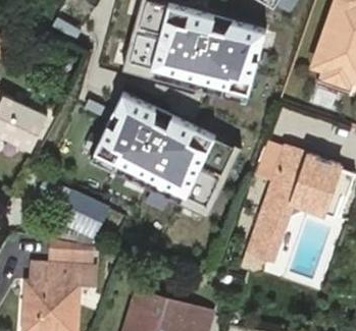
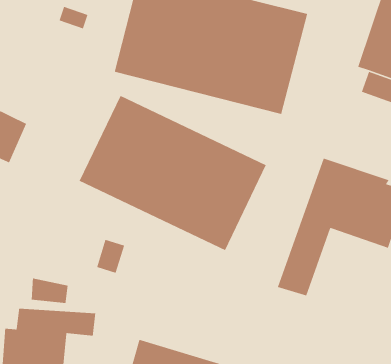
building: [56,189,106,235] -> none

